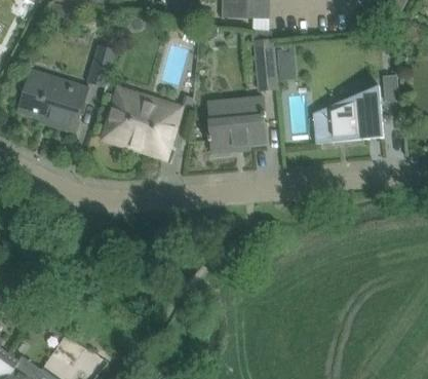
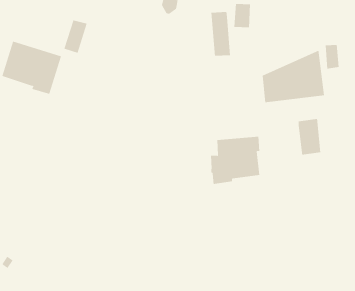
building: [104,96,178,147] -> none
building: [208,99,265,153] -> [210,136,260,184]
building: none -> [298,118,321,155]

